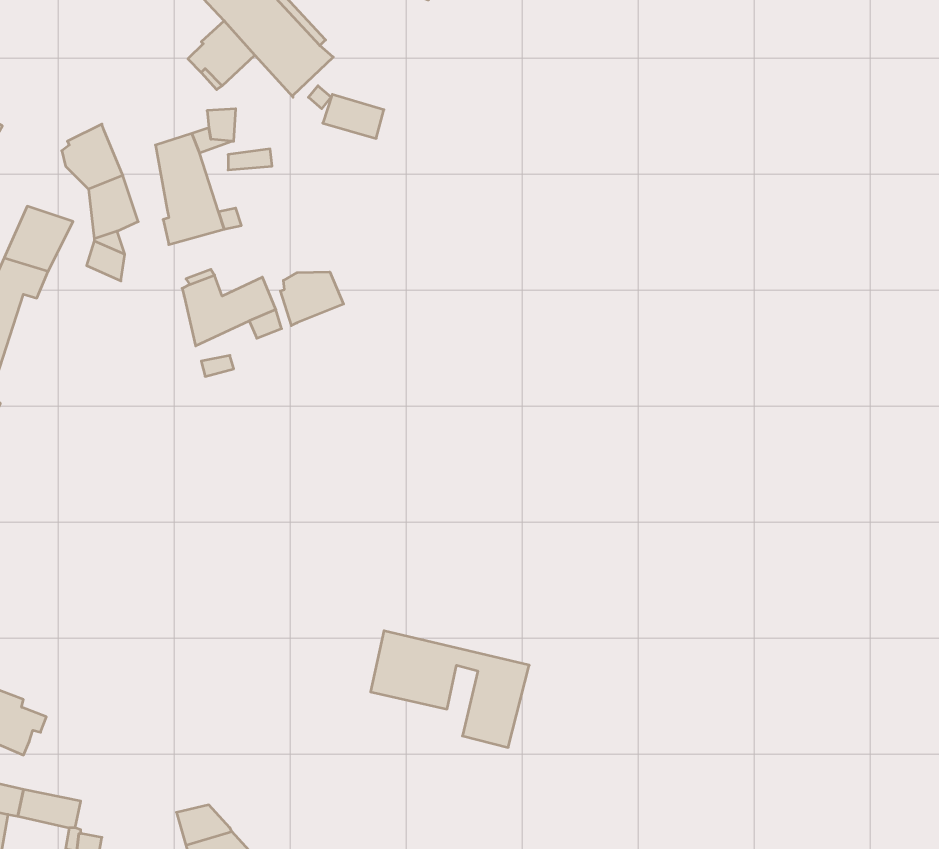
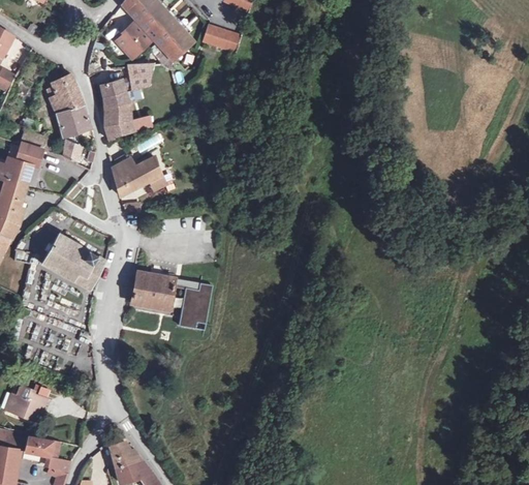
building: [323,94,384,138] -> [204,30,237,54]
building: [280,272,344,326] -> none
building: none -> [42,233,105,294]
building: [371,631,529,747] -> [128,267,214,330]

